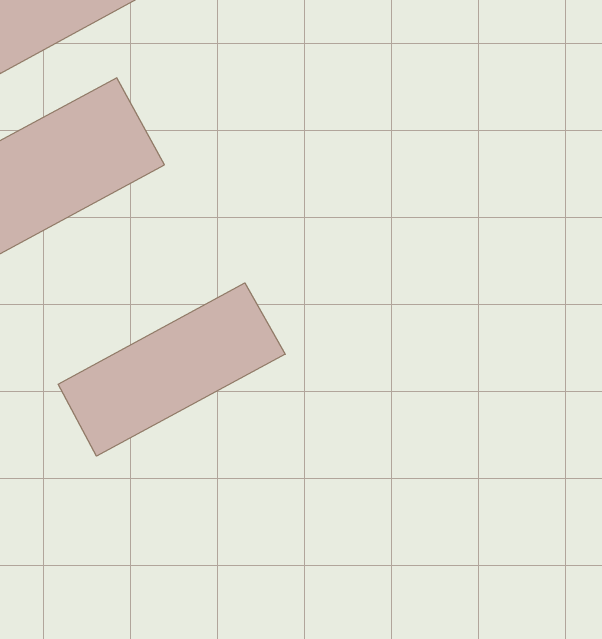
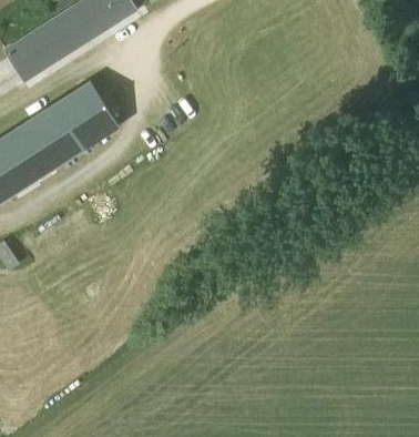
building: [58,283,285,456] -> none

